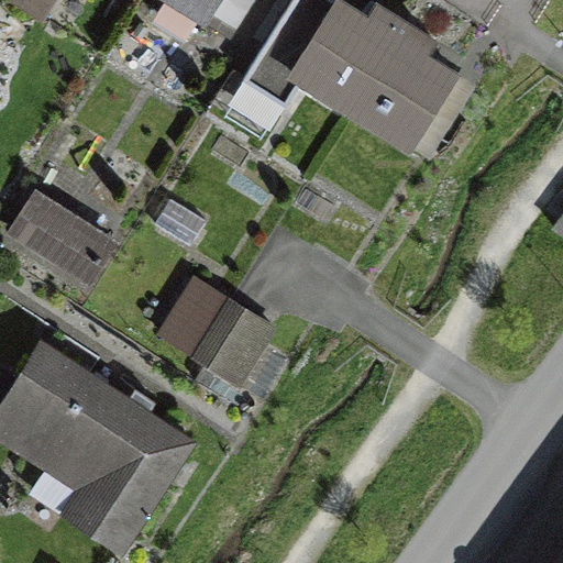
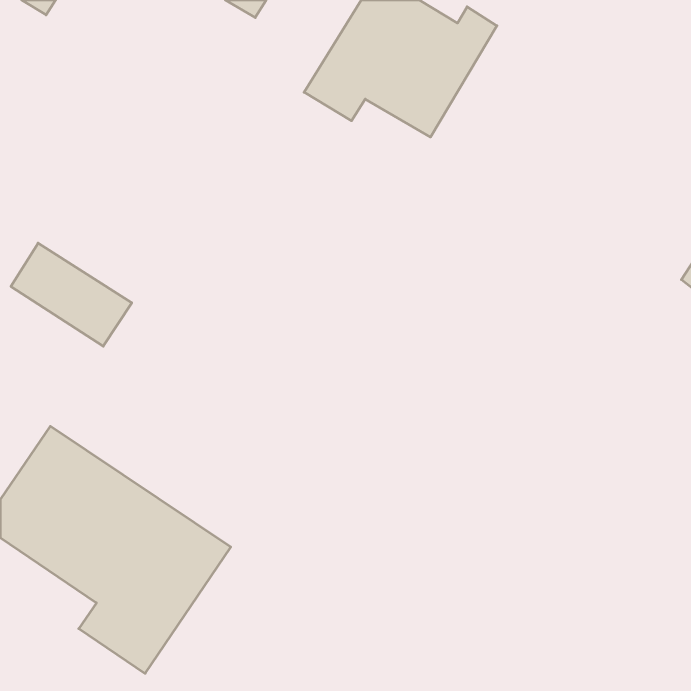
building: [351,23,455,150] -> none
building: [164,286,271,383] -> none

